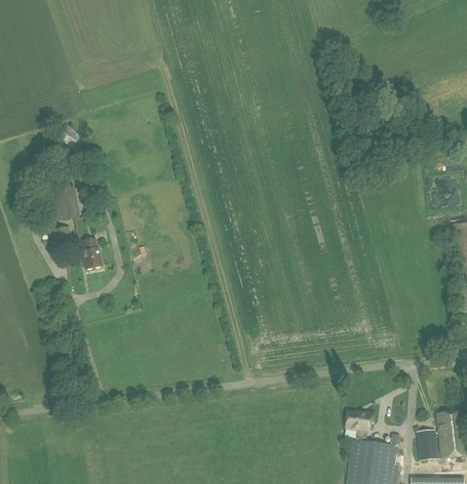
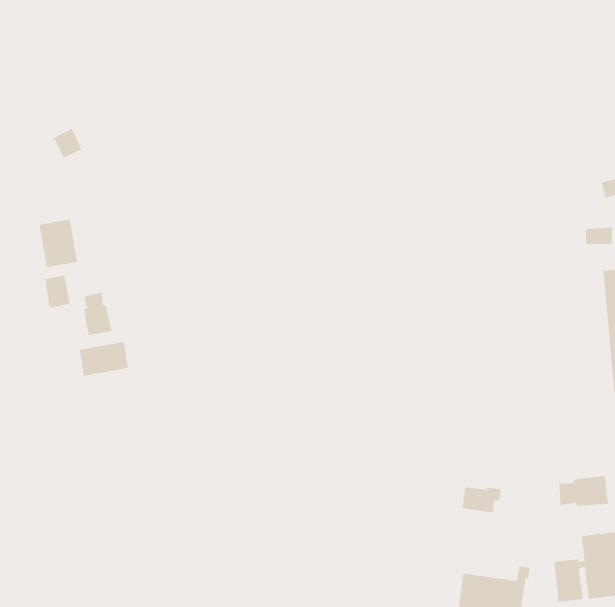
building: none -> [79,341,129,376]
building: none -> [559,475,608,507]
building: [346,411,375,430] -> [462,487,502,513]

